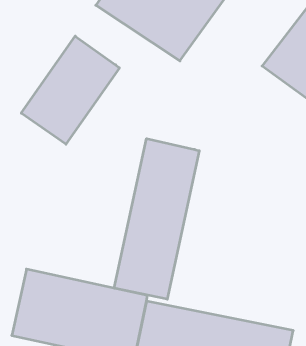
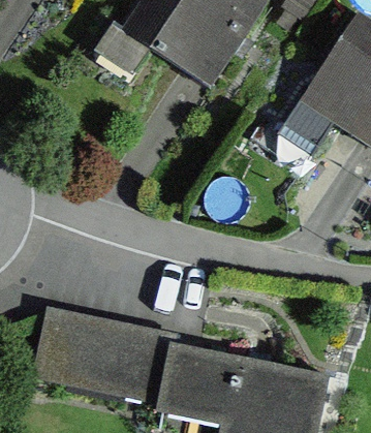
building: [21,36,119,144] -> none
building: [114,139,199,299] -> none

